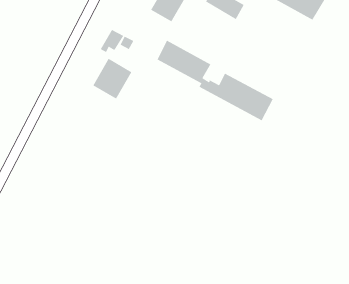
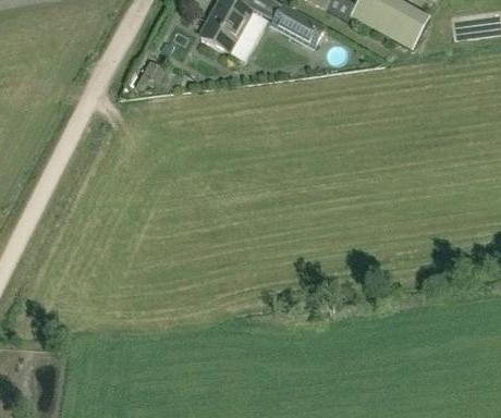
building: [157,40,274,121] -> none
building: [92,58,132,99] -> none

